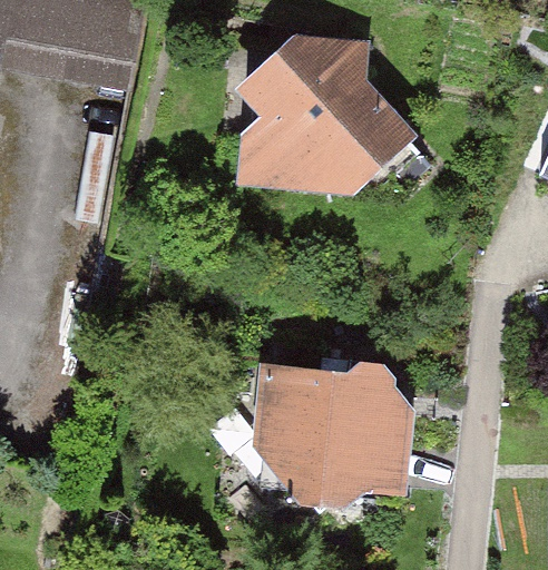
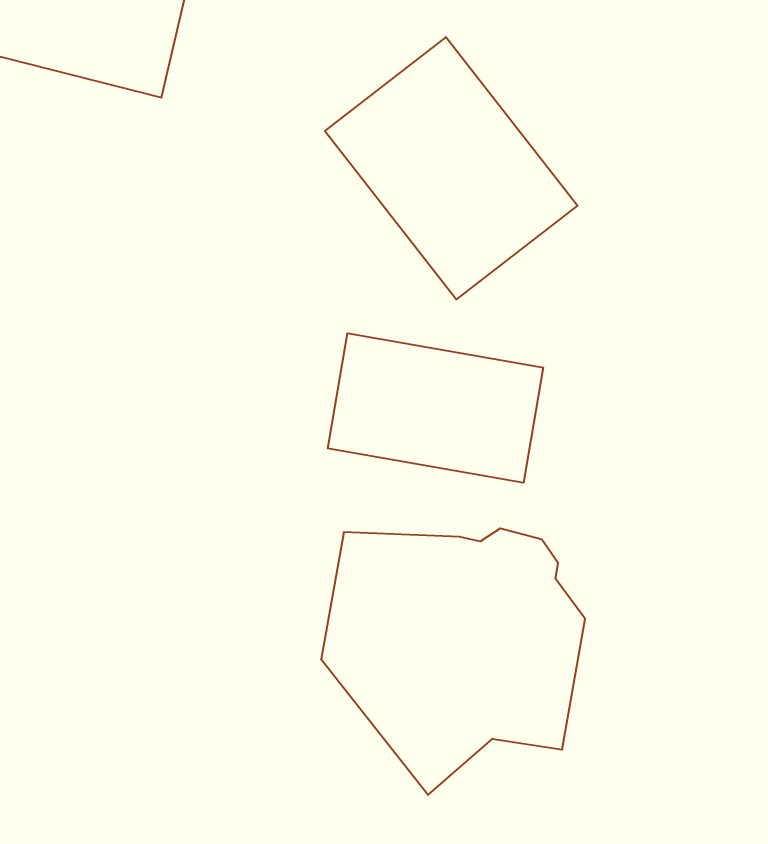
building: none -> [328,333,543,483]

